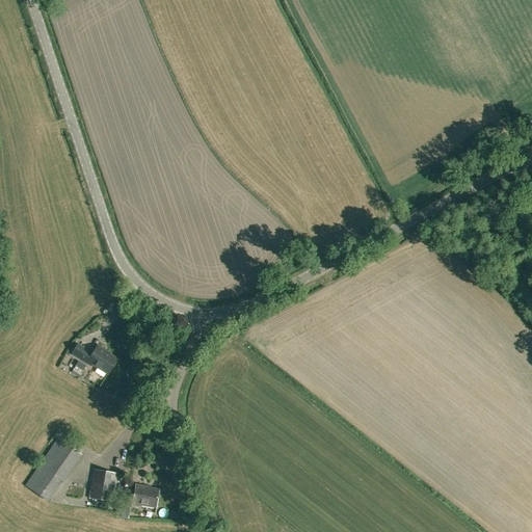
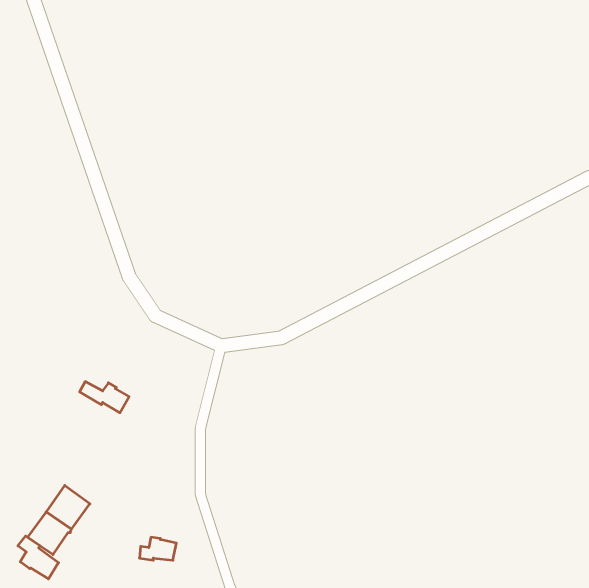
building: [89,469,117,501] -> none
building: none -> [18,536,59,579]

